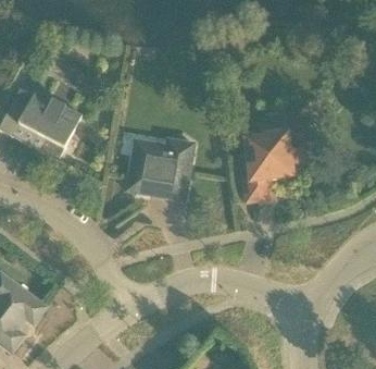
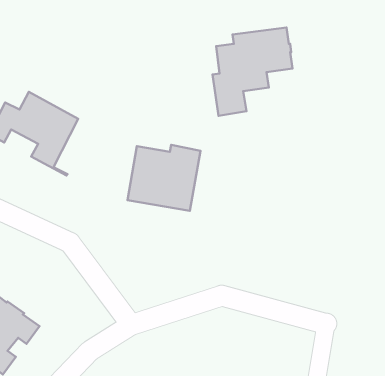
building: [240,120,314,201] -> [213,27,292,116]

